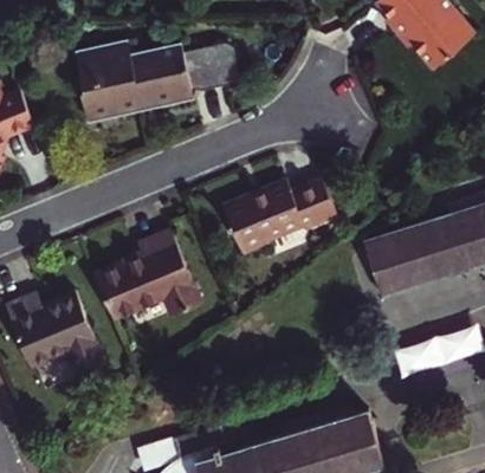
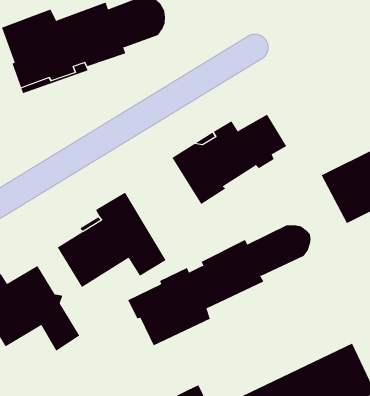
building: none -> [127,224,311,346]

